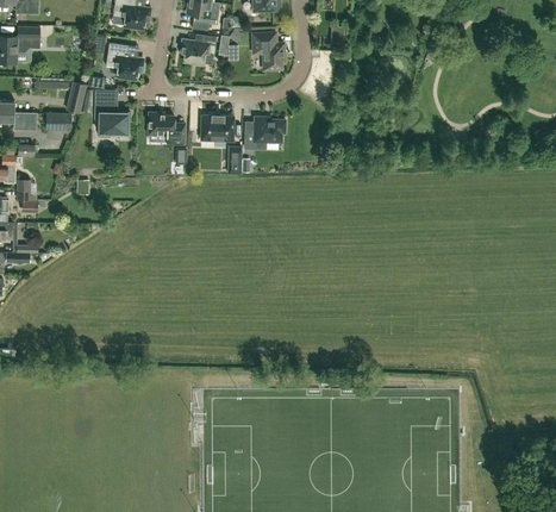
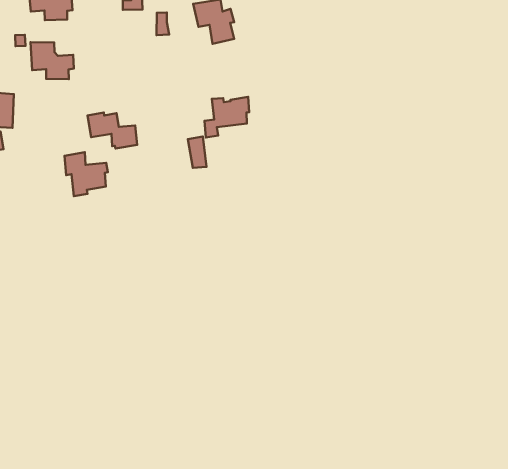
building: [182,35,217,63] -> none
building: [92,100,127,136] -> [64,152,108,196]
building: [200,114,233,141] -> none

